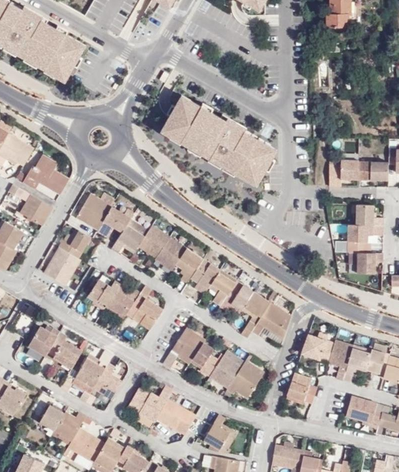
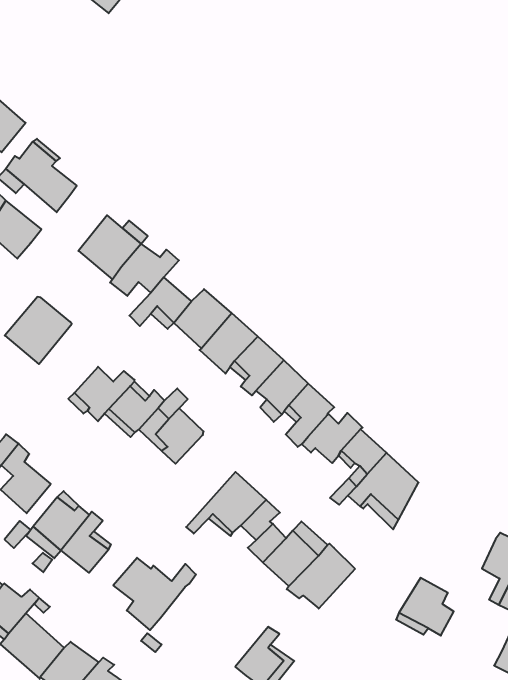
building: [161,96,276,183] -> none
building: [57,229,89,258] -> none
building: [305,334,338,360] -> none
building: [155,398,195,435] -> none

